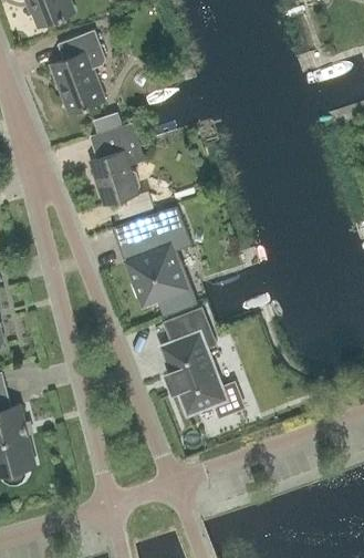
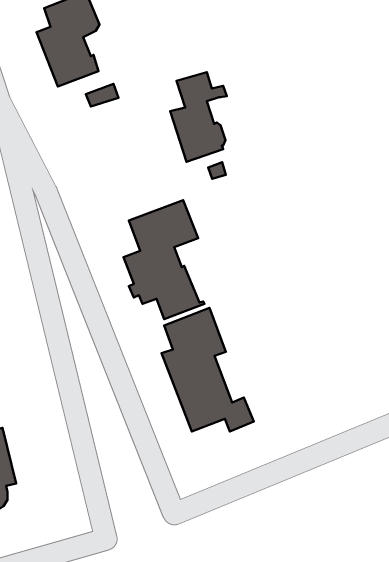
building: [91,126,141,205] -> [170,72,227,162]

